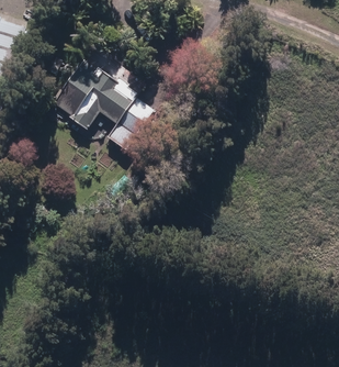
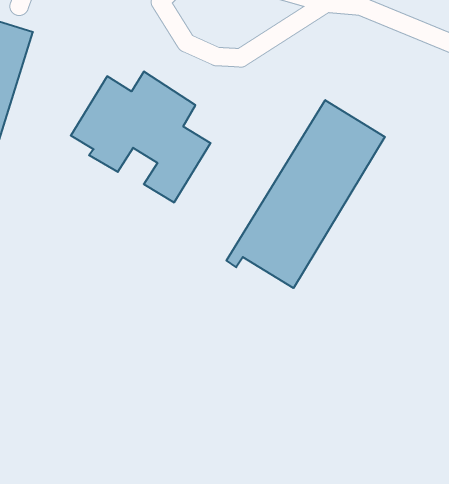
building: none -> [226,100,385,288]

